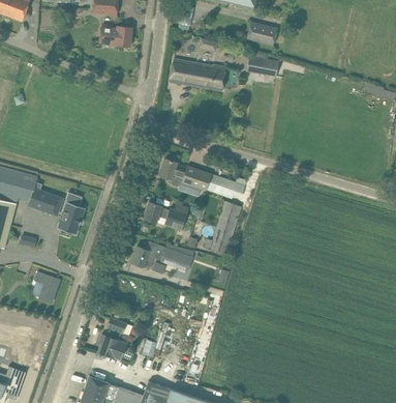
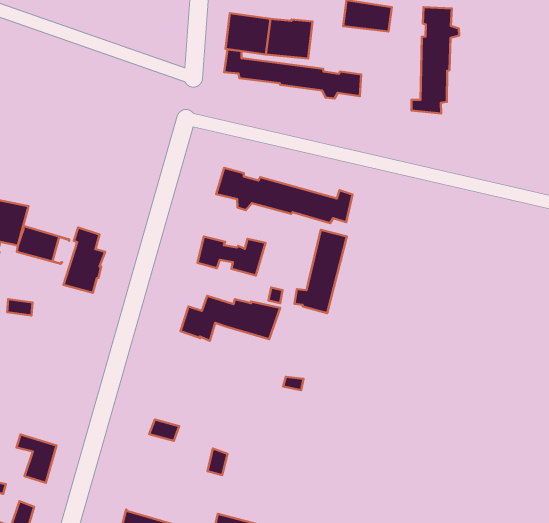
building: none -> [411,7,459,114]
building: none -> [224,50,361,98]
building: [34,271,60,304] -> [16,435,57,483]
building: [97,335,126,361] -> none

